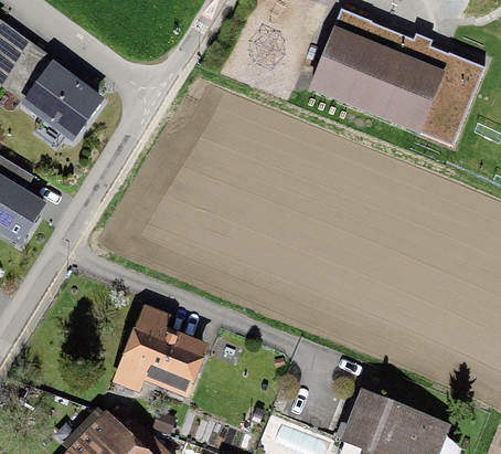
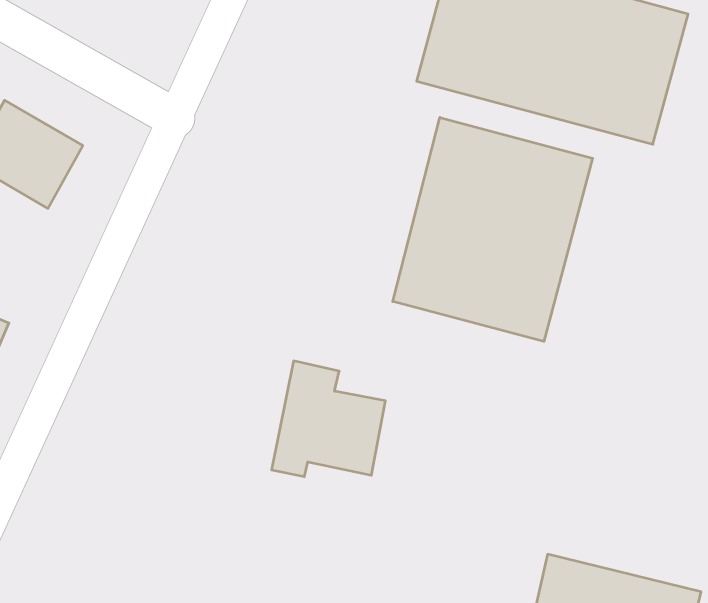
building: none -> [393,117,593,341]
building: [120,314,196,391] -> [272,361,385,477]

